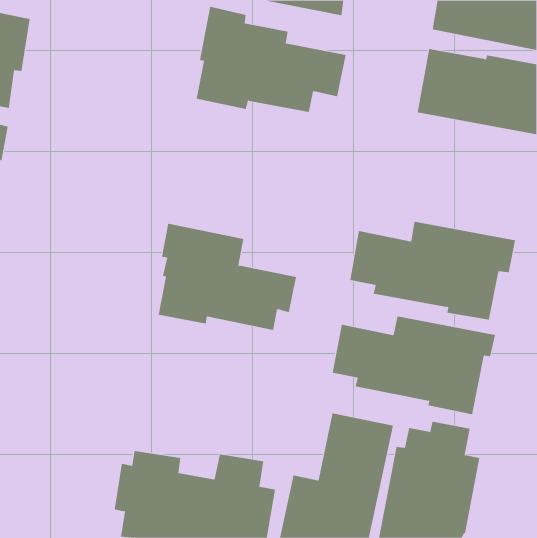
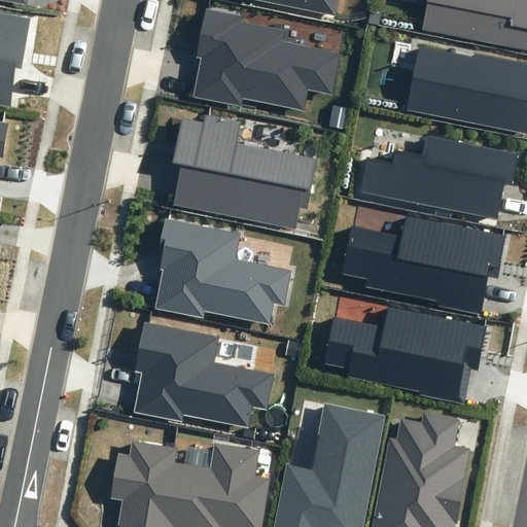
building: none -> [171,114,315,230]
building: none -> [360,135,519,219]
building: none -> [134,320,274,427]

